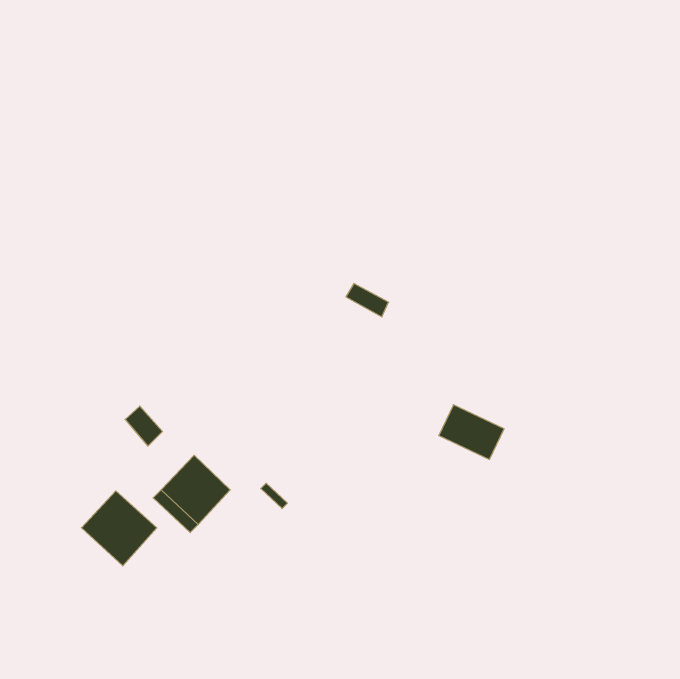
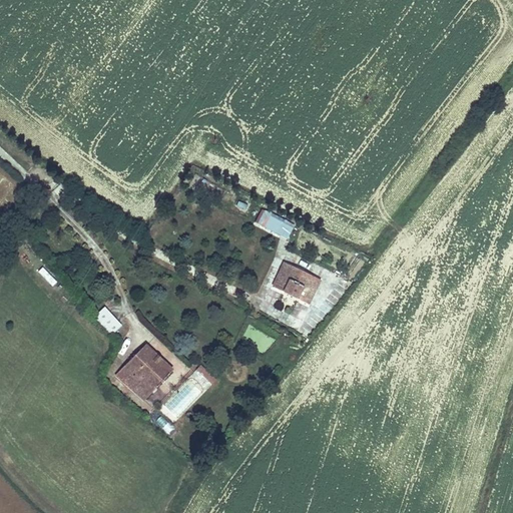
building: [439,405,504,459] -> [273,262,322,303]
building: [81,491,157,566] -> none

